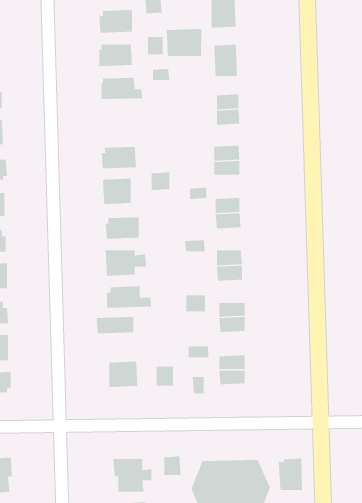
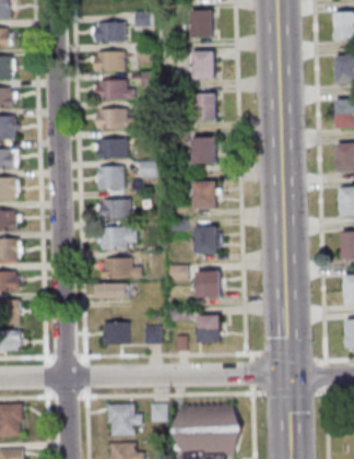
building: [166,28,202,57] -> none
building: none -> [96,108,132,129]
building: [278,458,303,491] -> none

